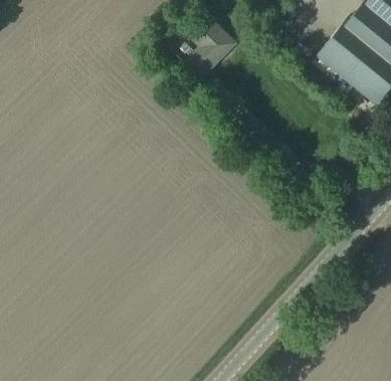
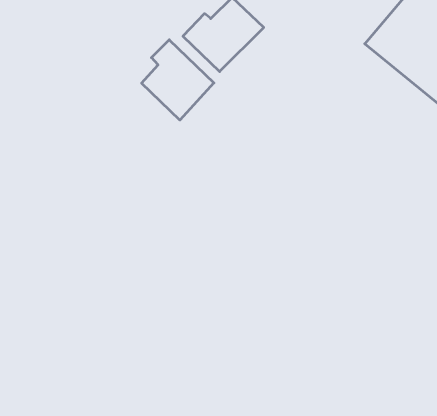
building: none -> [142,40,214,120]

